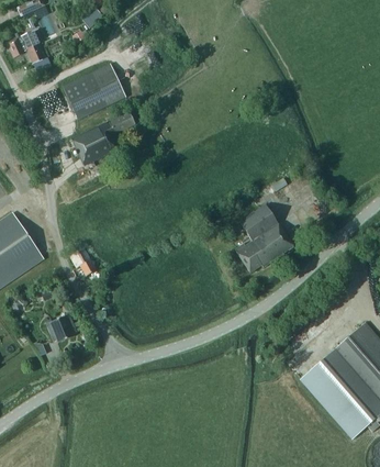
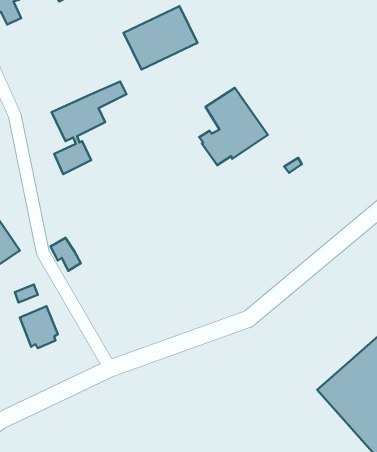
building: [62,64,125,119] -> [124,6,197,70]
building: [234,205,293,273] -> [199,88,268,165]

